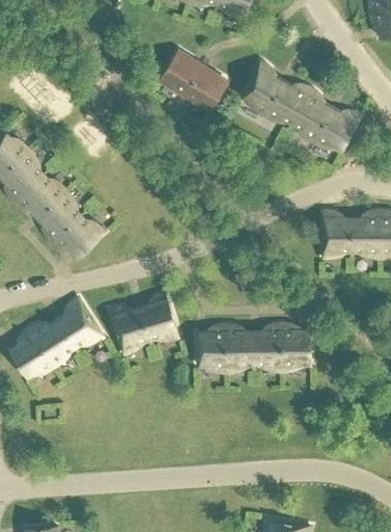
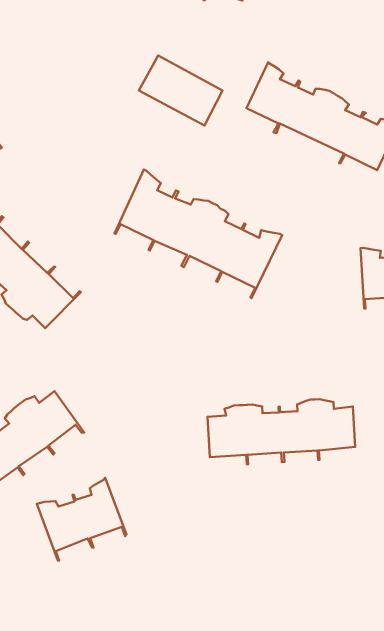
building: none -> [114,170,282,298]
building: [111,293,179,354] -> [37,478,126,560]

